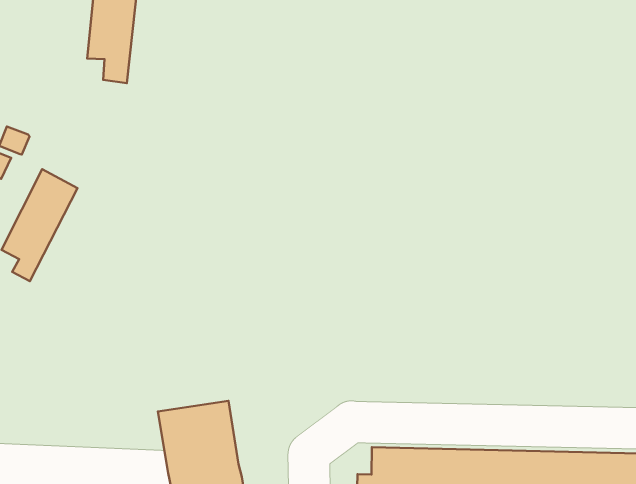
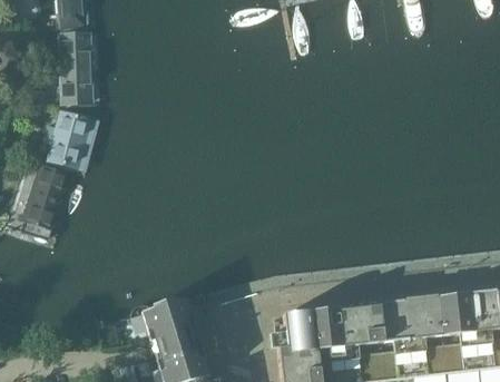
building: none -> [48,110,91,167]

